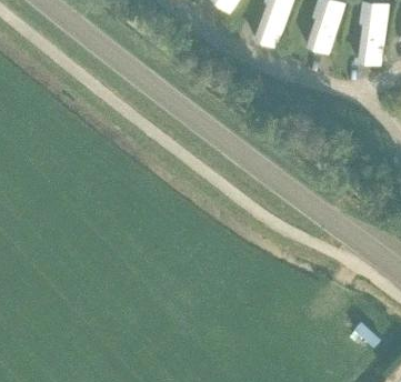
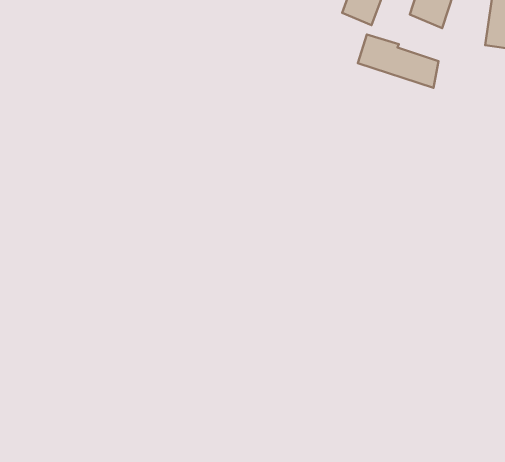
building: none -> [358,35,439,88]

